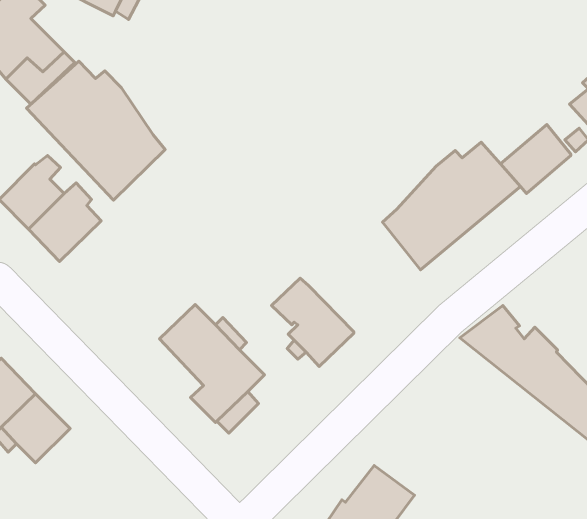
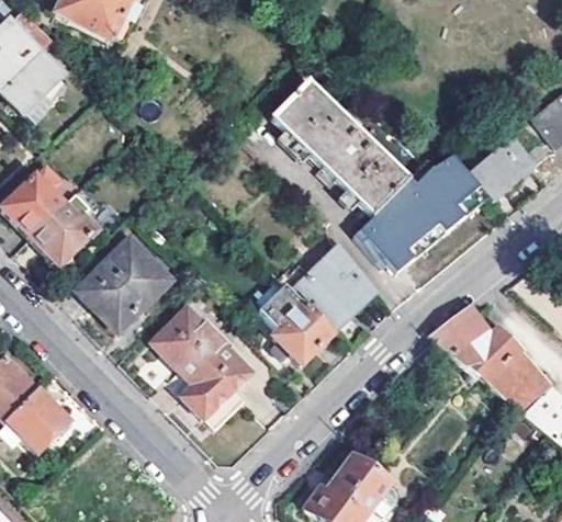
building: none -> [271,75,406,217]
building: [27,61,165,200] -> none
building: none -> [79,240,168,329]
building: none -> [289,243,373,330]

